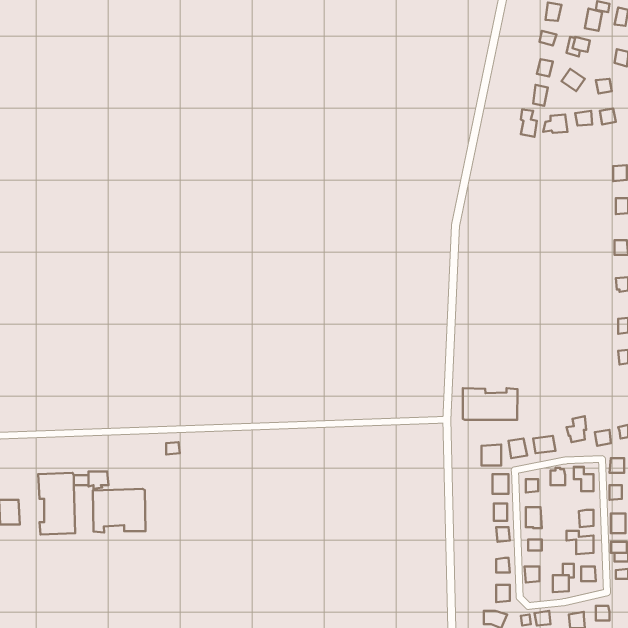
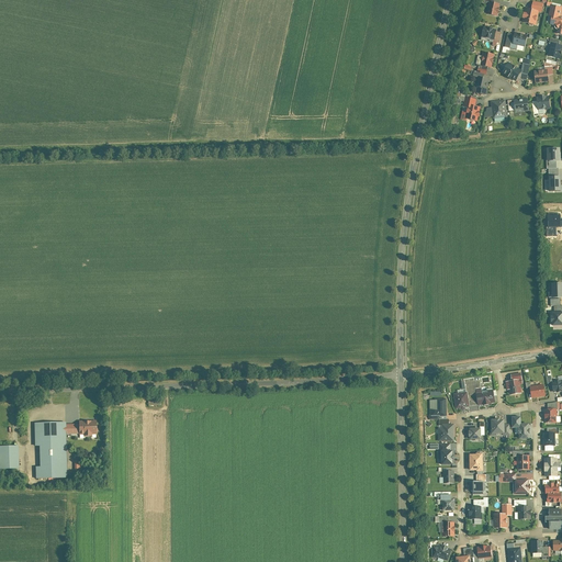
building: [463,388,517,420] -> none
building: [93,489,145,532] -> none

